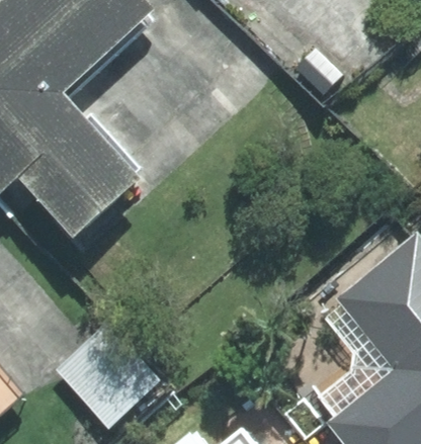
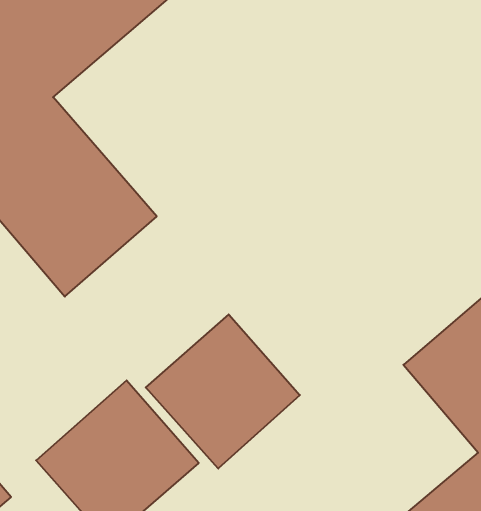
building: none -> [146,314,300,469]

